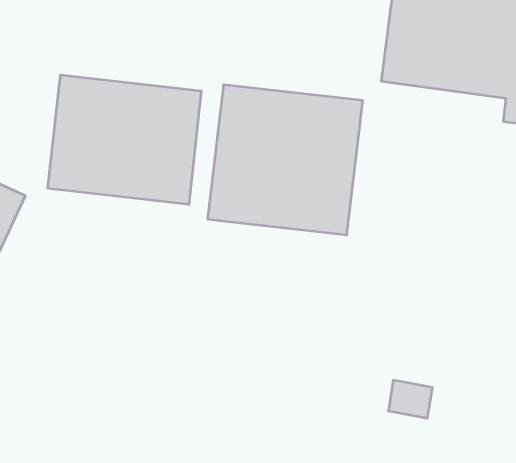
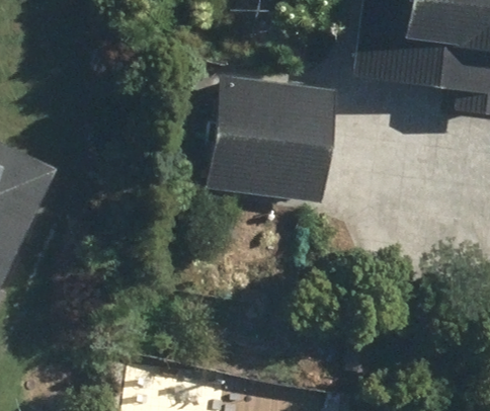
building: [48,75,201,205] -> none

